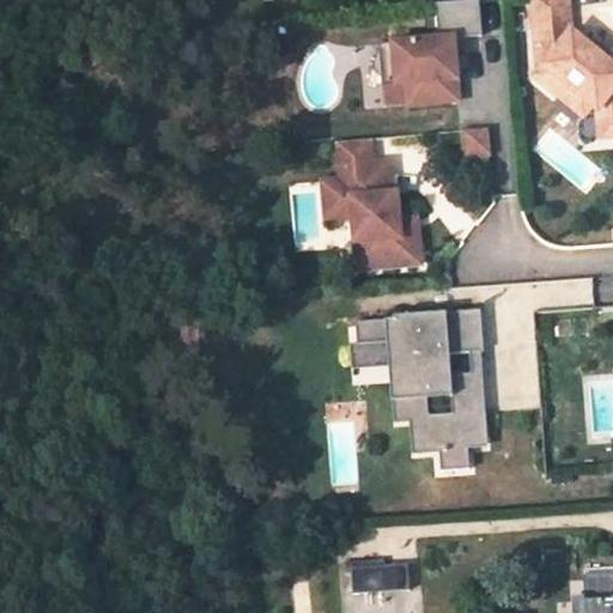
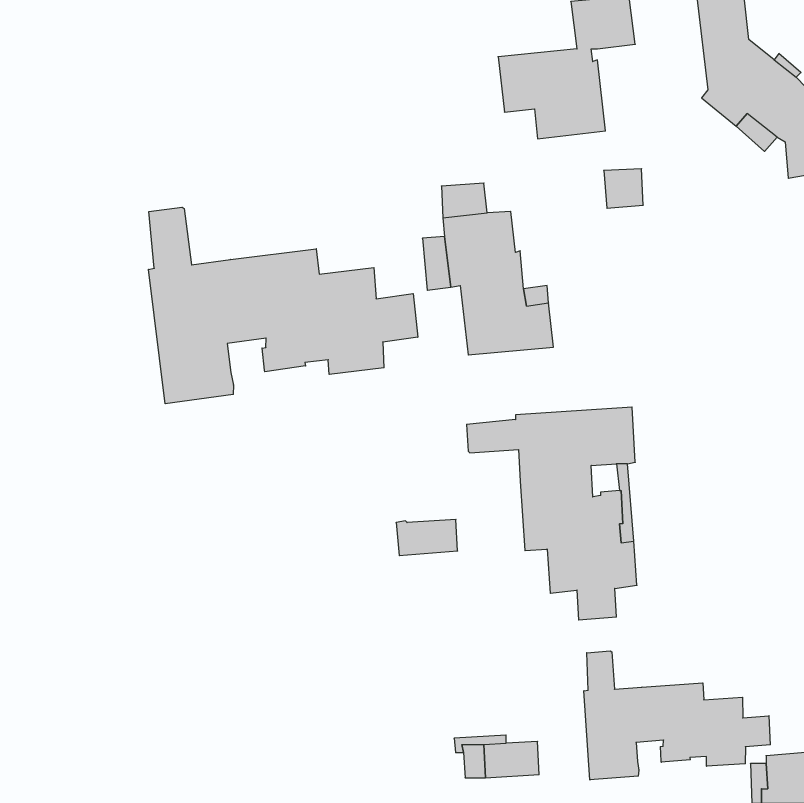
building: none -> [148,207,418,404]
building: [350,341,396,369] -> [396,519,458,556]
building: none -> [584,651,770,780]

